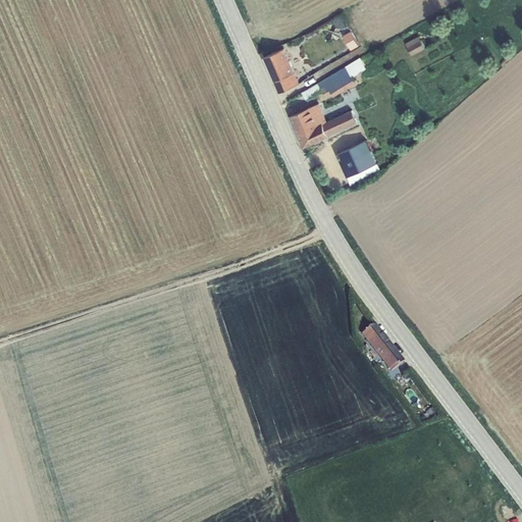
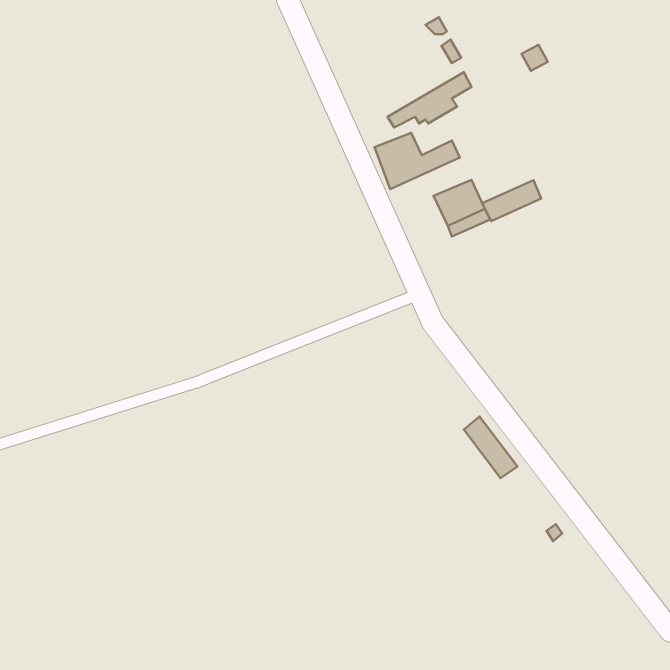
building: [264,48,299,93] -> none
building: none -> [482,180,541,221]

